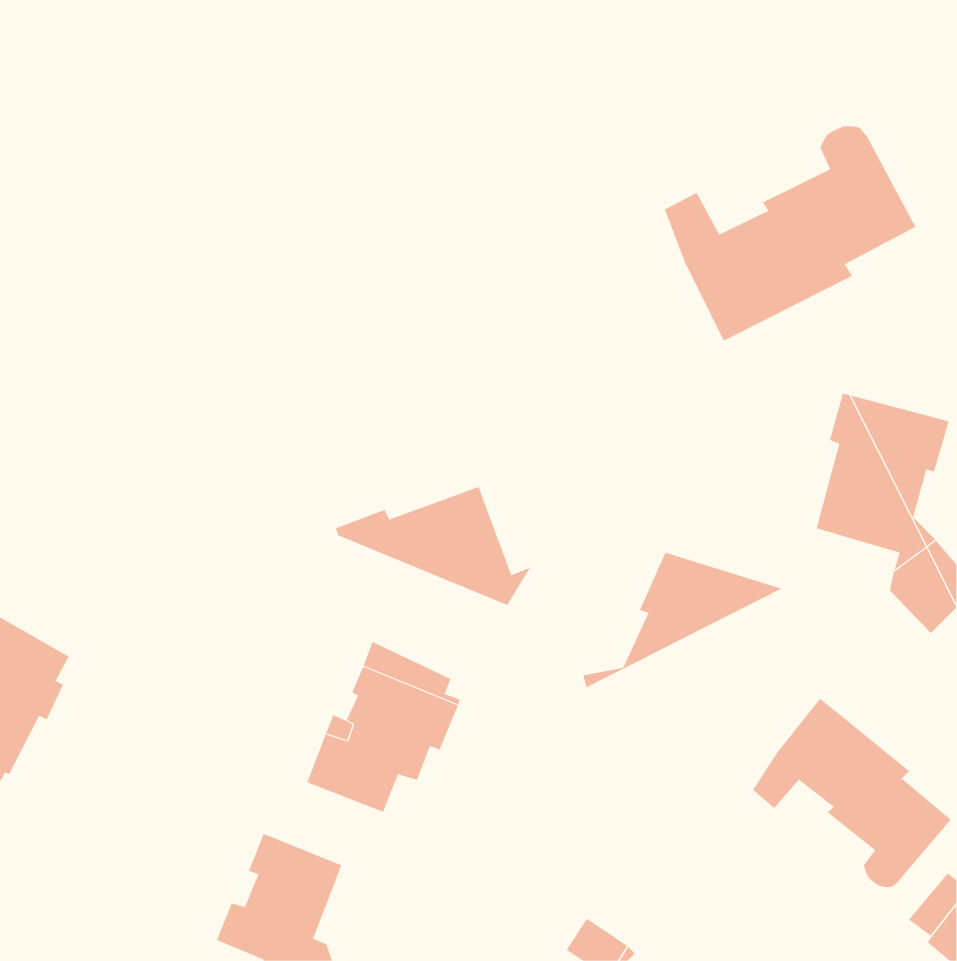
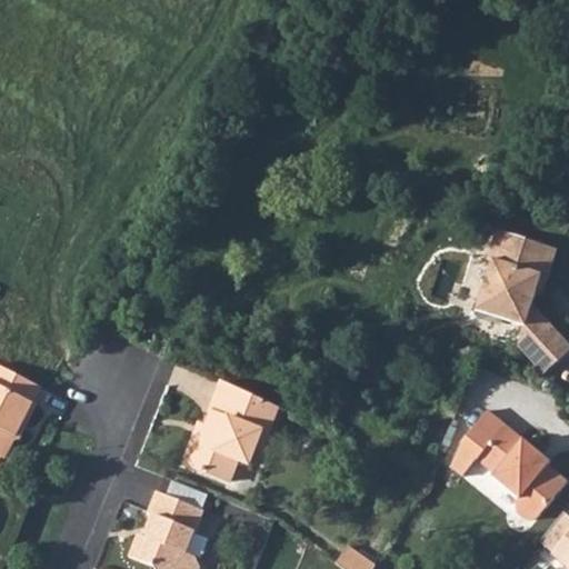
building: [664,125,916,342] -> none
building: [335,486,531,606] -> none
building: [583,552,783,688] -> none

